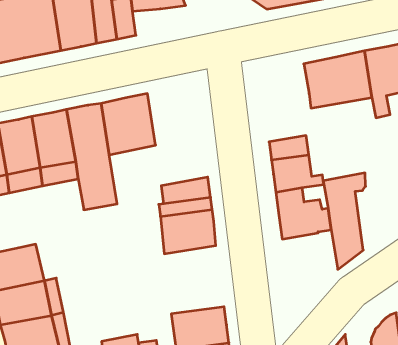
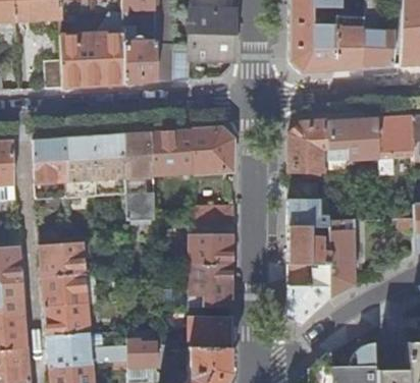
building: none -> [288,122,327,171]
building: none -> [193,128,233,173]
building: none -> [287,264,331,323]
building: none -> [156,264,232,306]

